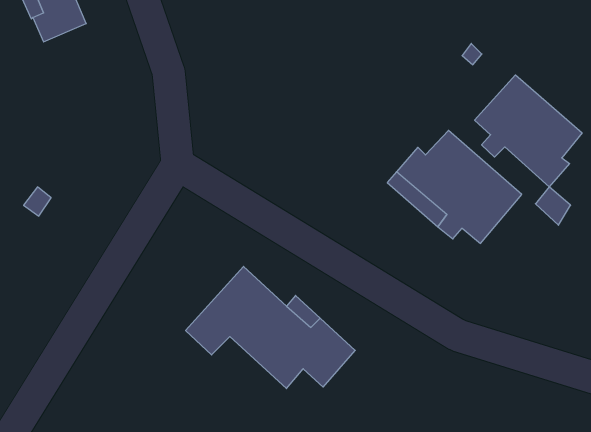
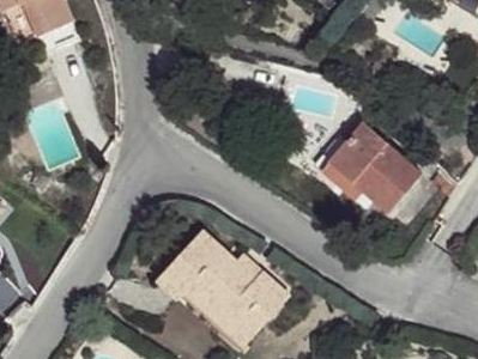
building: [475,75,582,187] -> none
building: none -> [179,284,266,353]

